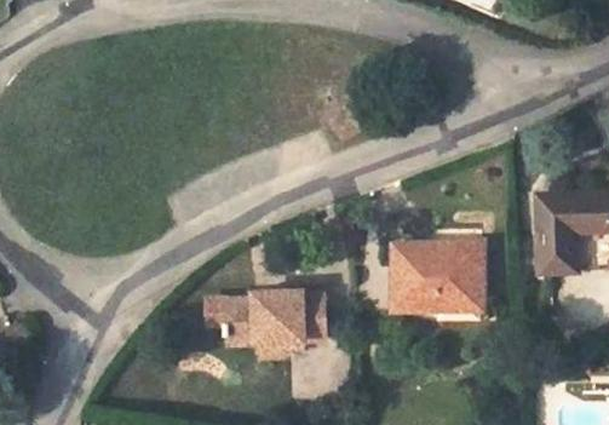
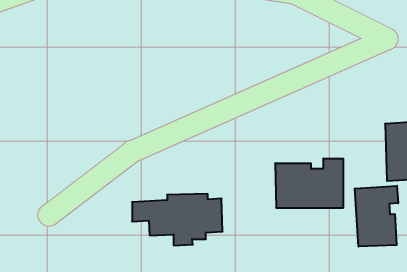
building: none -> [355,186,398,247]

